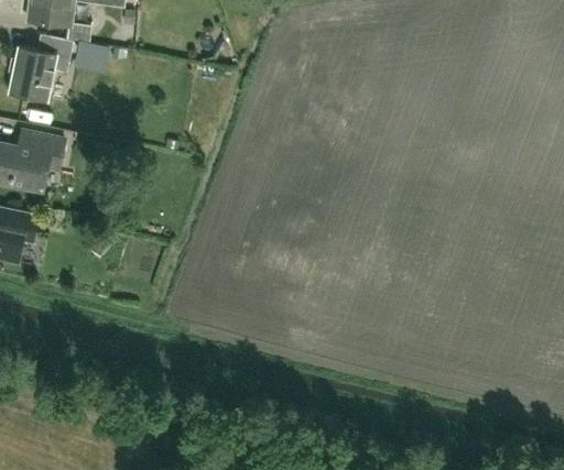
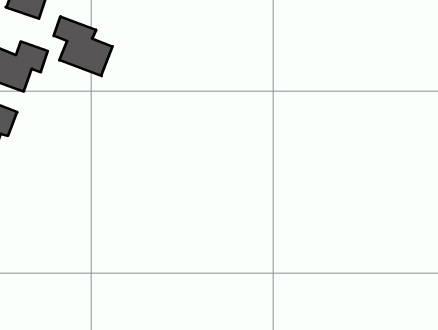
building: none -> [54,16,113,76]

